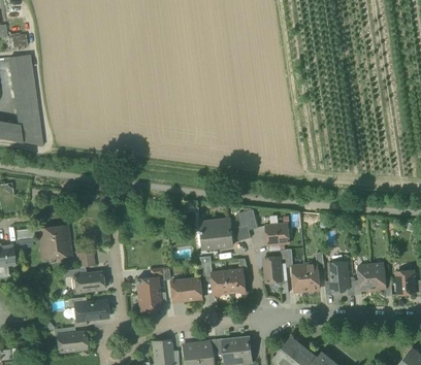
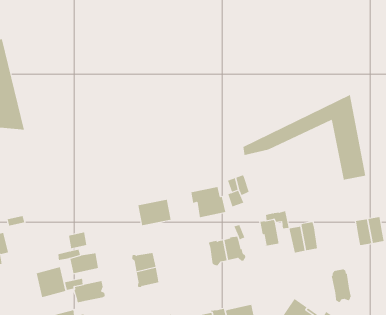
building: none -> [243,94,366,180]
building: [266,224,290,245] -> none
building: [41,228,69,257] -> [36,266,66,298]
building: [330,259,349,292] -> [331,269,352,303]
building: [171,278,203,302] -> [138,199,172,226]

